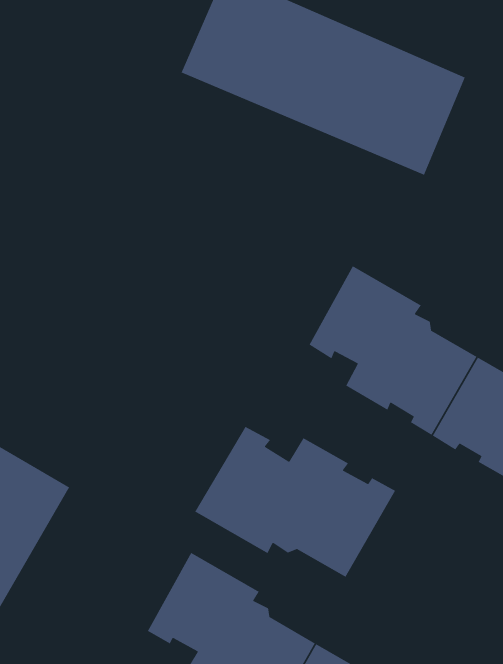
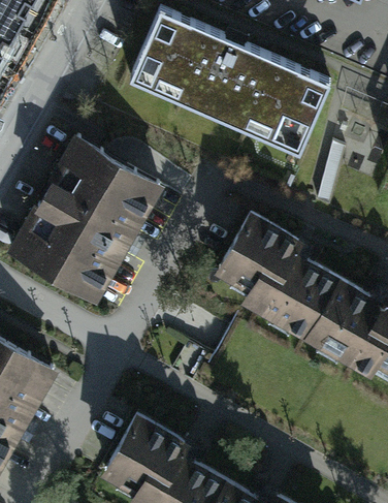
building: none -> [13,139,159,300]
building: [194,426,396,578] -> none

